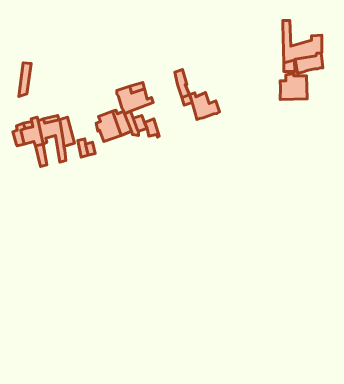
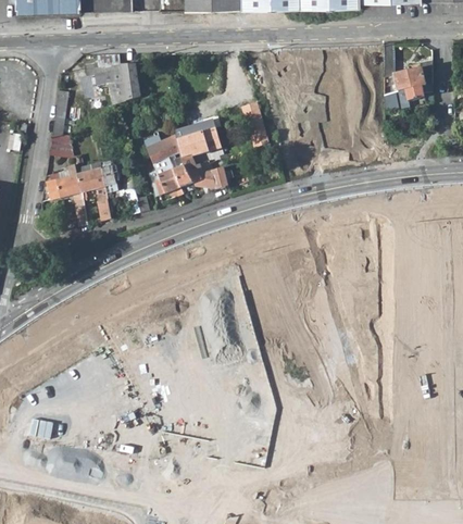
building: none -> [95,64,140,104]
building: [280,73,307,99] -> none
building: [190,93,220,119] -> none
building: none -> [49,134,74,160]
building: none -> [143,135,182,163]

